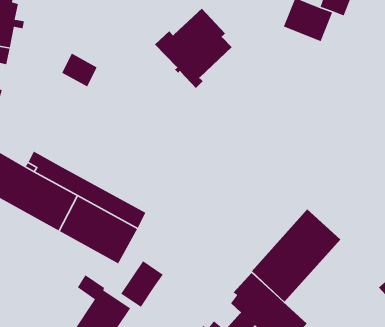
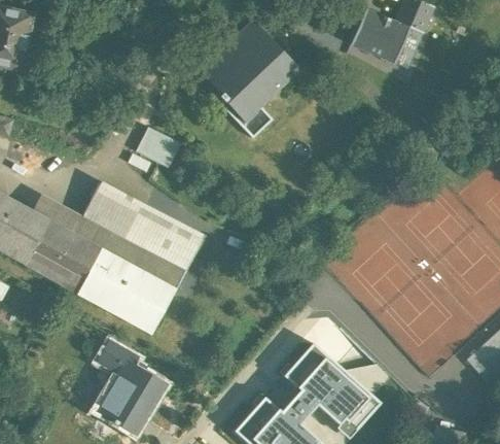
building: [61,53,98,88] -> [136,127,180,169]
building: none -> [84,183,204,270]
building: [251,209,341,302] -> none
building: [120,260,164,308] -> none

